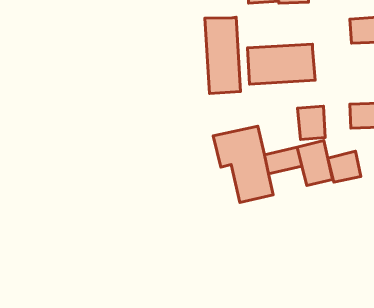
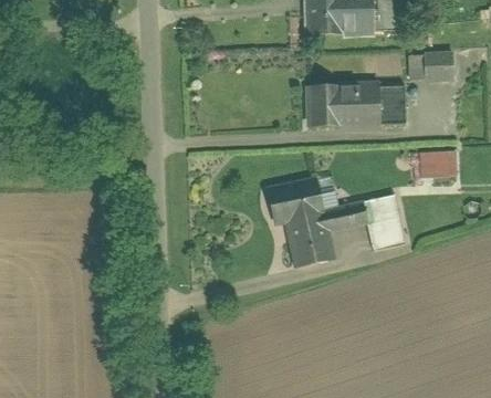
building: [205,17,241,94] -> none
building: [298,106,325,140] -> [379,85,411,124]
building: [328,151,361,182] -> none

